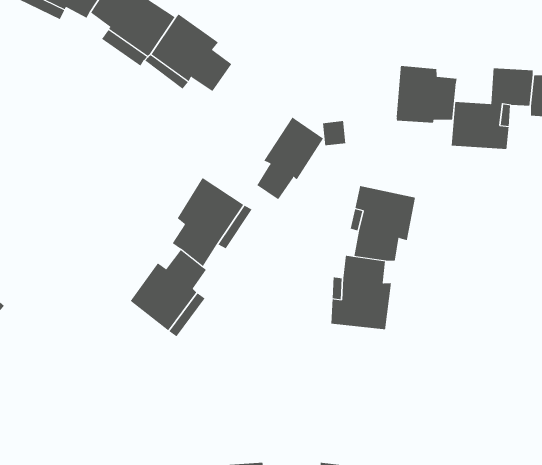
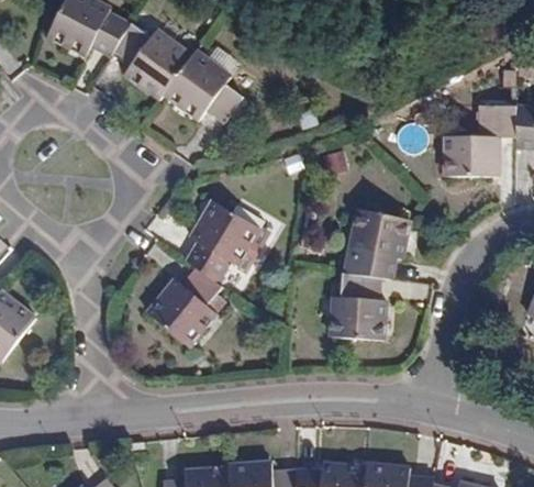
building: [396,65,457,123] -> none
building: [257,117,324,200] -> none

